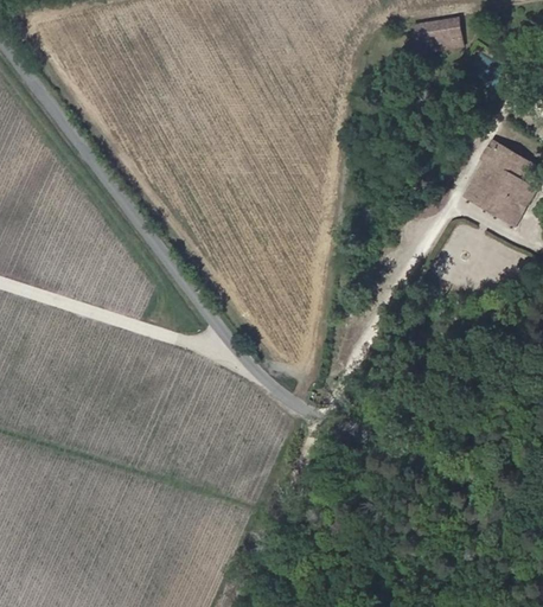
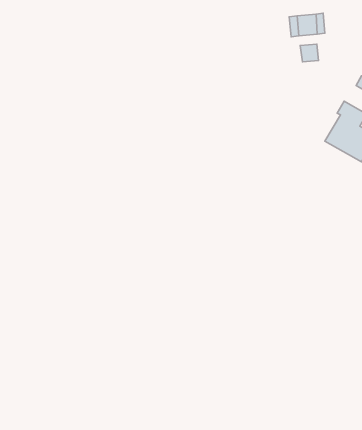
building: none -> [300,44,318,62]

